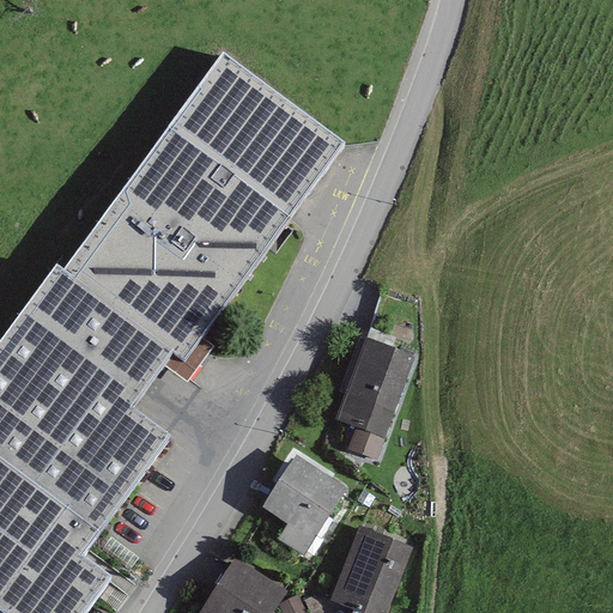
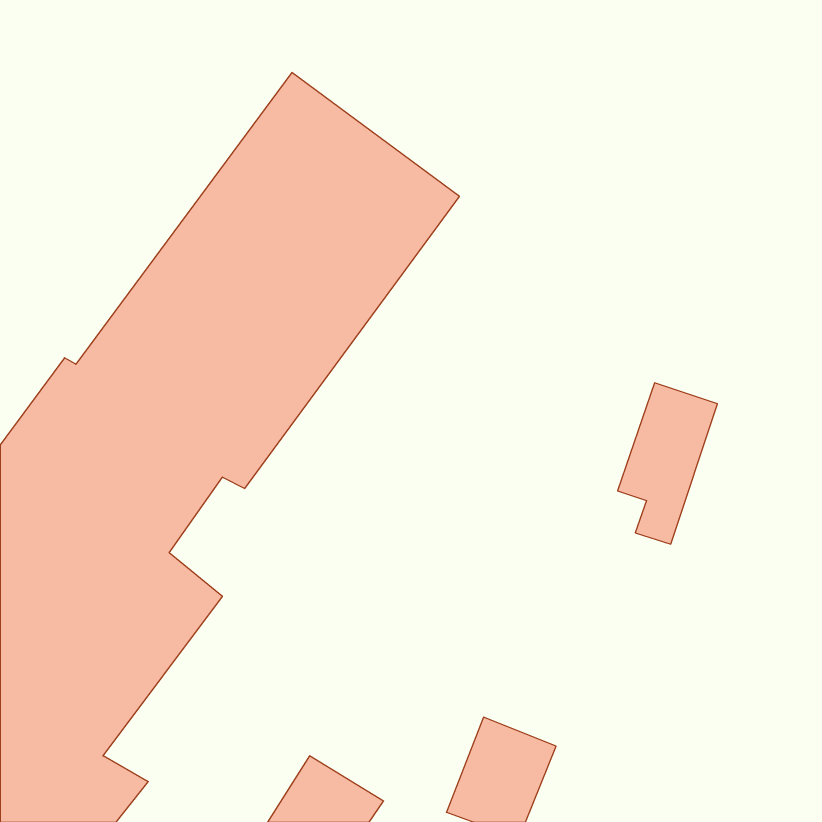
building: [335,344,409,463] -> [618,383,717,544]
building: [255,456,350,563] -> none

